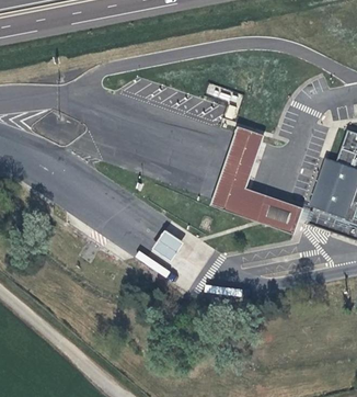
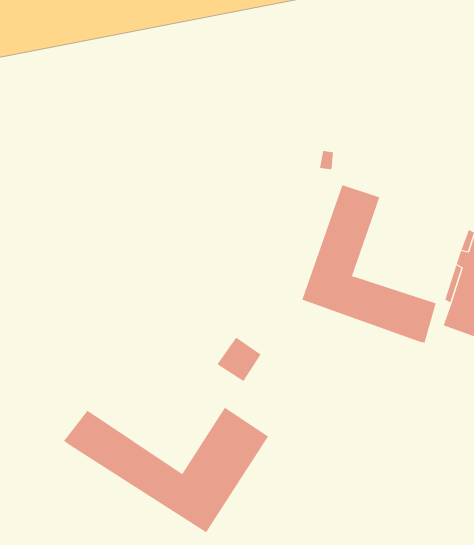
building: none -> [63,407,269,533]

